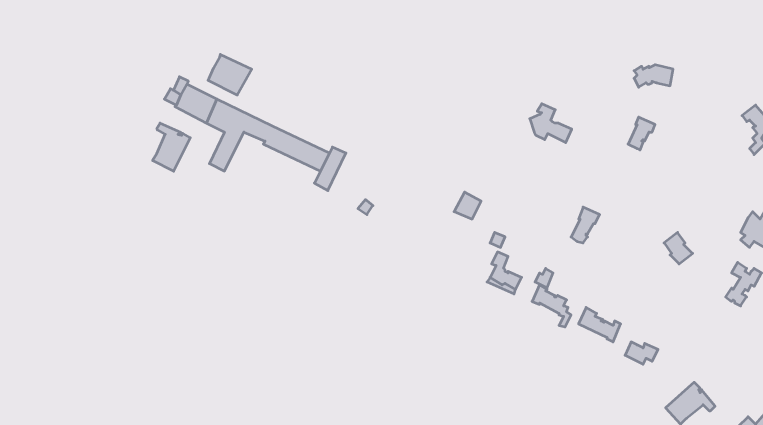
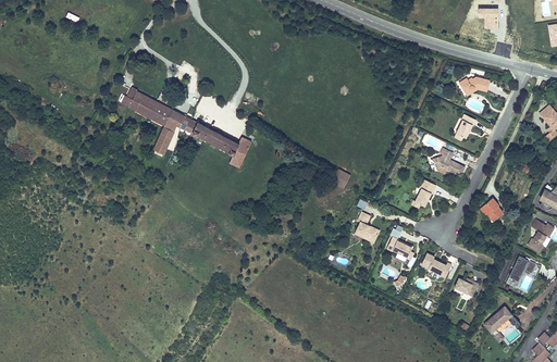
building: [208,54,252,95] -> none
building: [530,104,572,143] -> [433,148,463,176]
building: [153,123,190,171] -> none
building: none -> [505,255,541,288]

